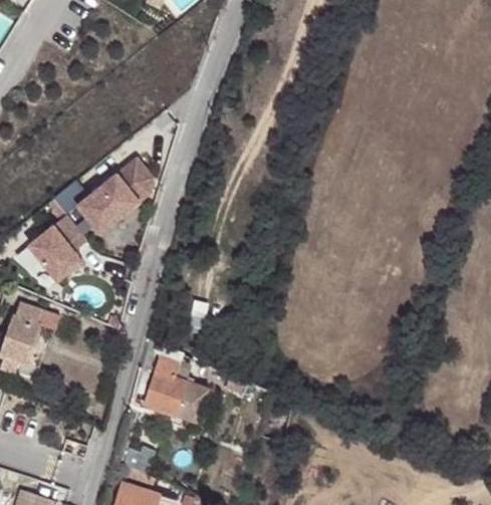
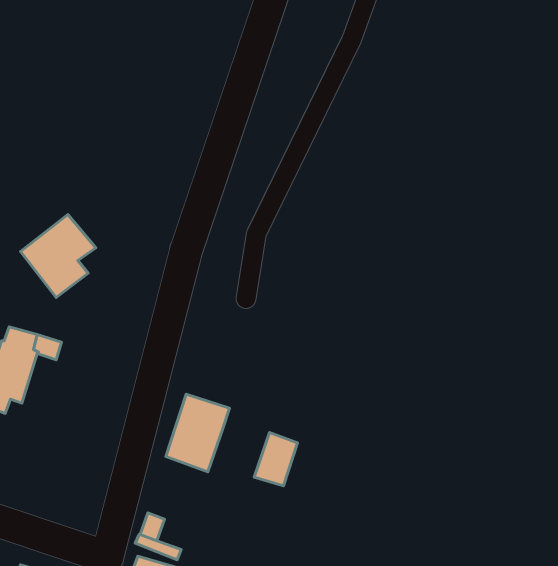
building: [78,159,153,232] -> none
building: [176,382,210,424] -> [254,432,298,486]

